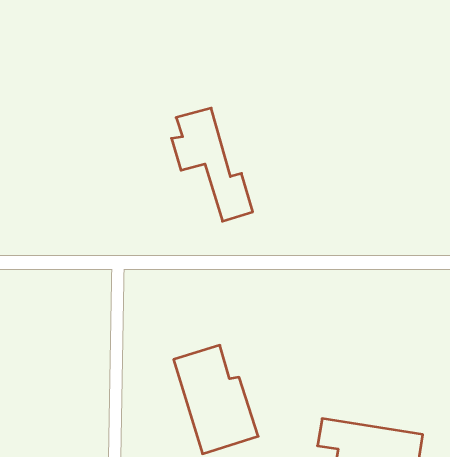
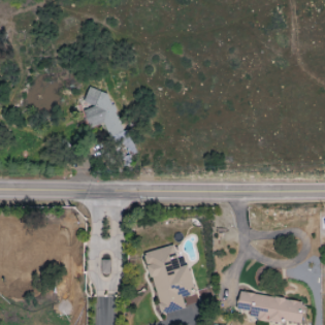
building: [171,108,253,221] -> [84,88,136,161]

